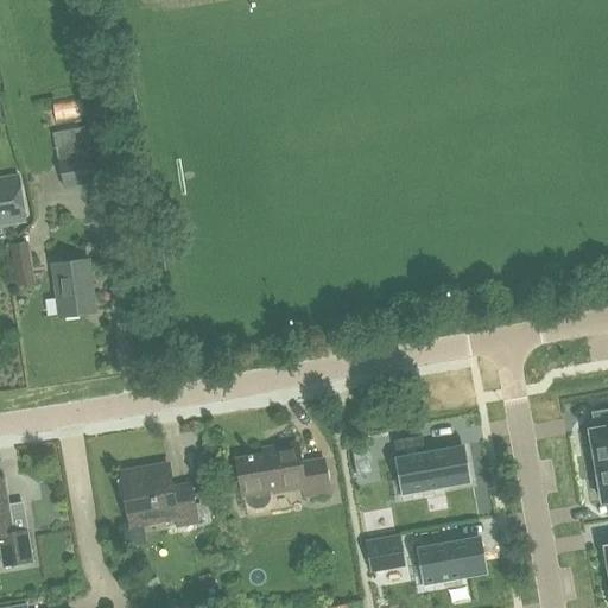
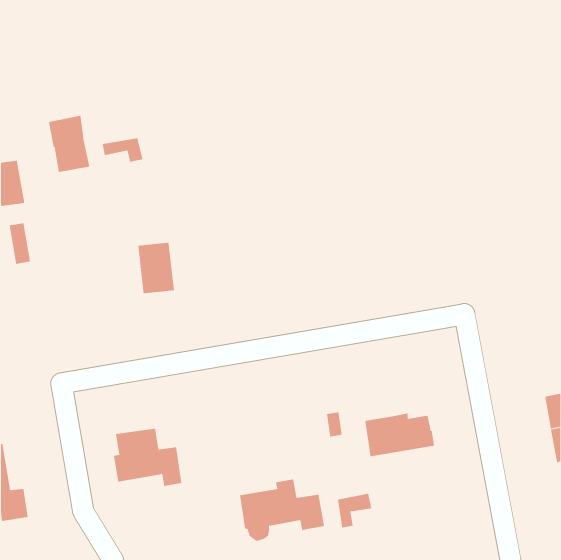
building: none -> [102,137,143,162]
building: [53,258,94,314] -> [137,242,175,294]
building: [236,441,329,508] -> [239,479,325,541]
building: [416,538,487,584] -> none

